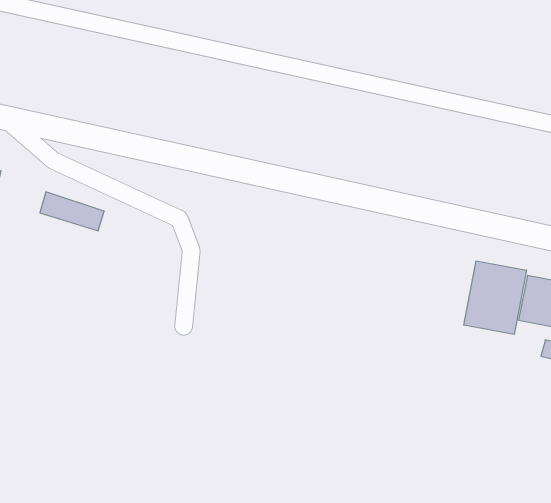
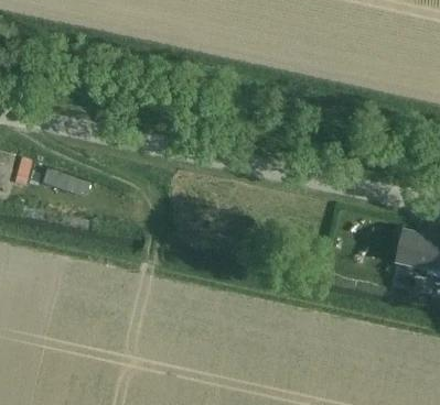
building: [464,261,526,334] -> none

